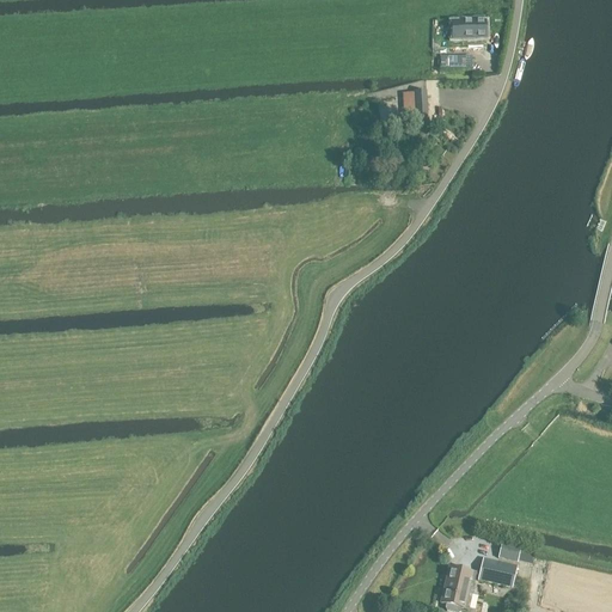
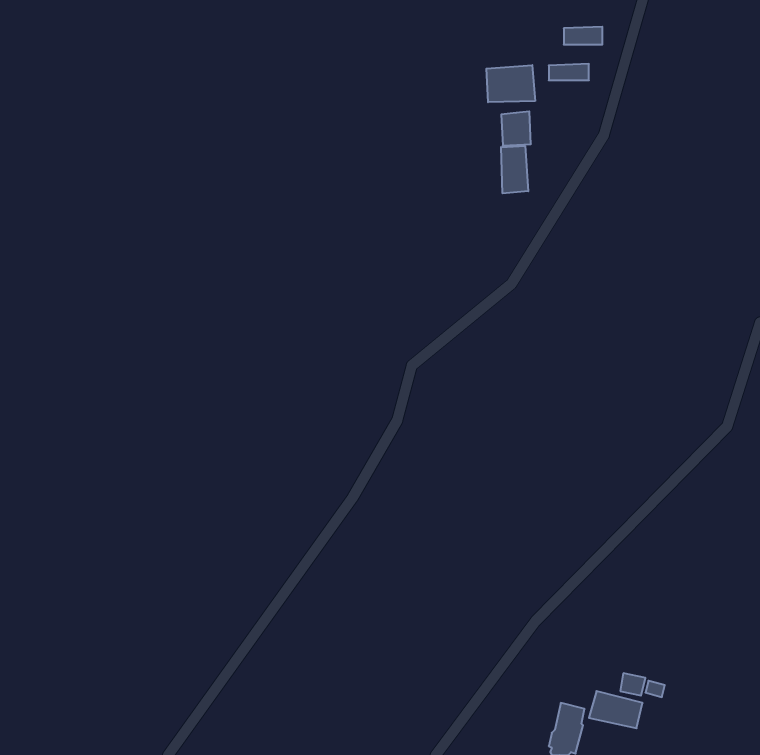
building: none -> [486,65,535,102]
building: none -> [501,146,528,193]

